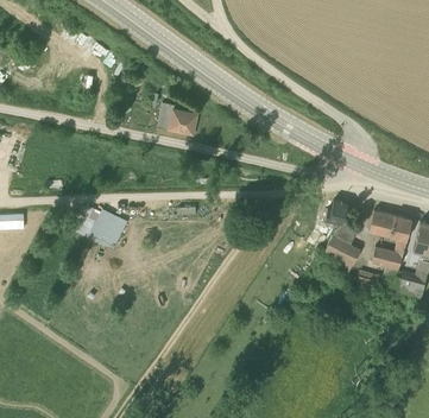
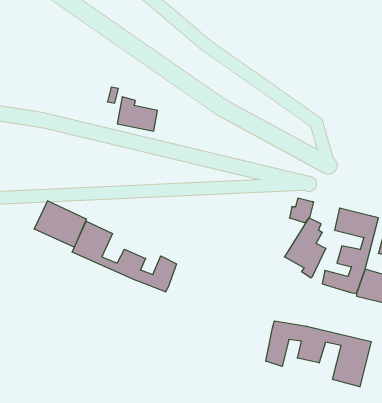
building: none -> [72,221,177,292]
building: none -> [266,321,371,387]

